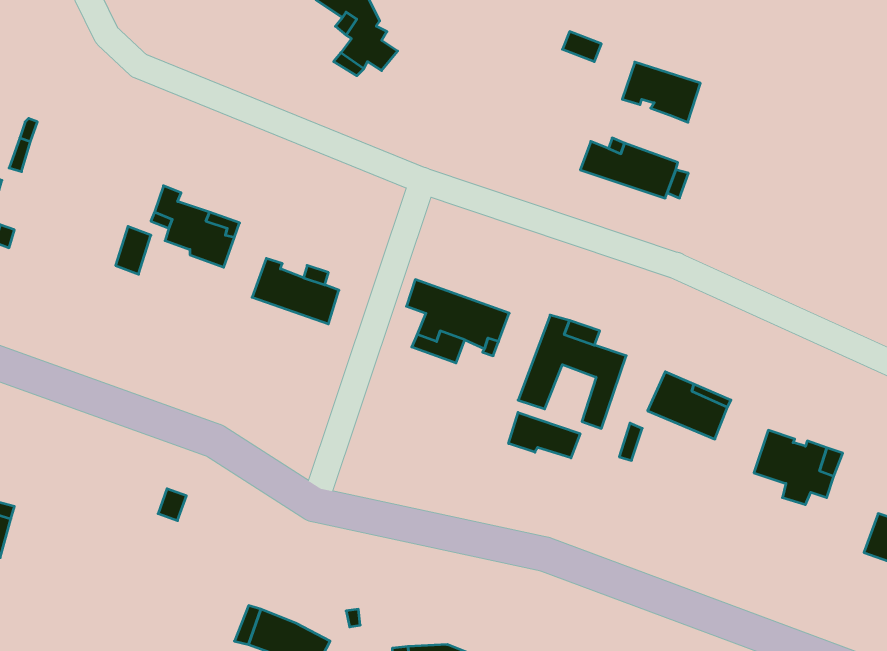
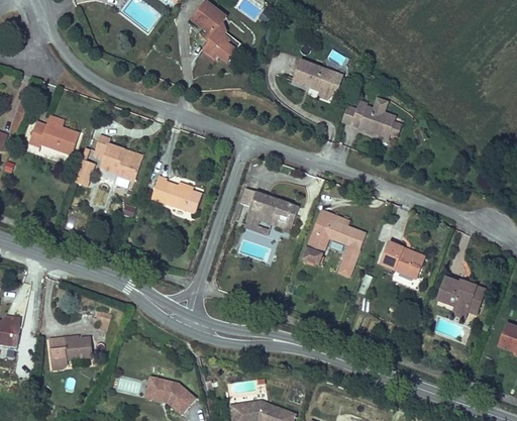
building: [622,62,700,122] -> [290,65,334,99]
building: none -> [30,111,82,149]
building: [509,412,580,458] -> none
building: none -> [51,332,95,369]

